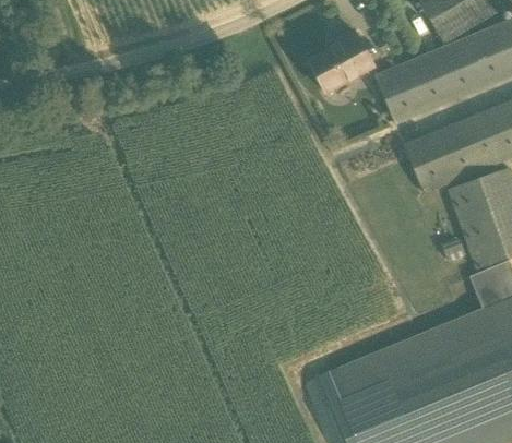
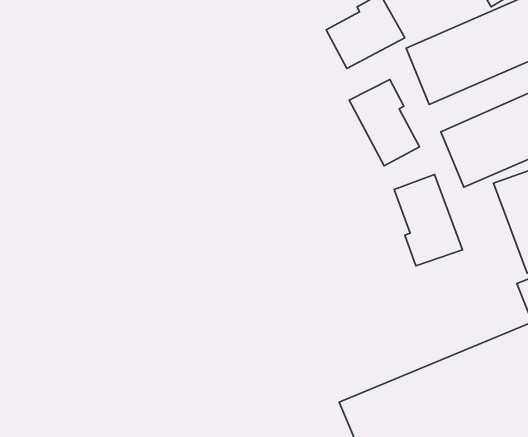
building: none -> [349,80,419,166]
building: none -> [394,174,463,266]

